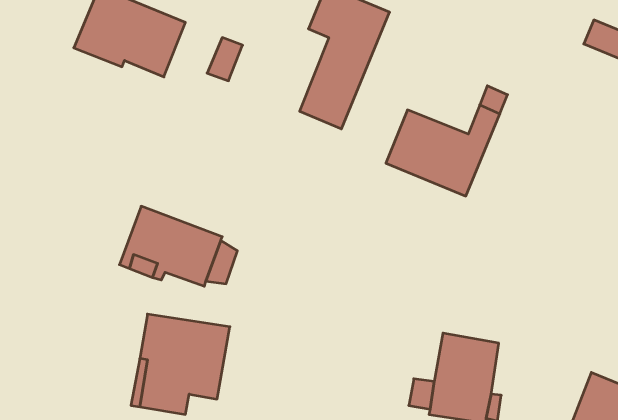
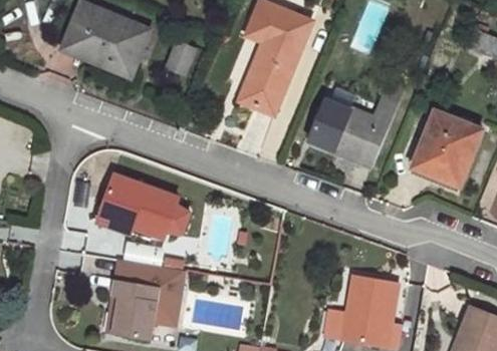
building: none -> [412,110,481,186]

